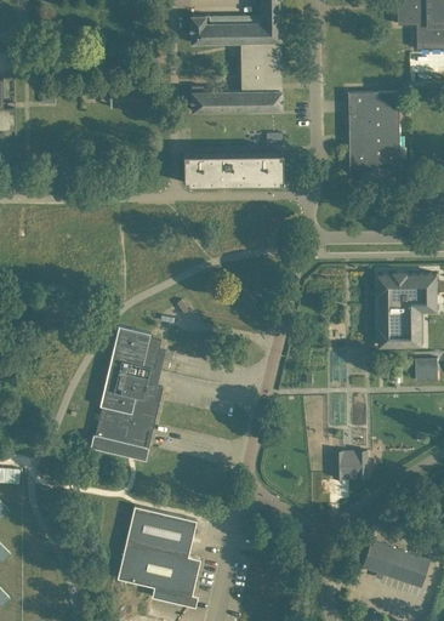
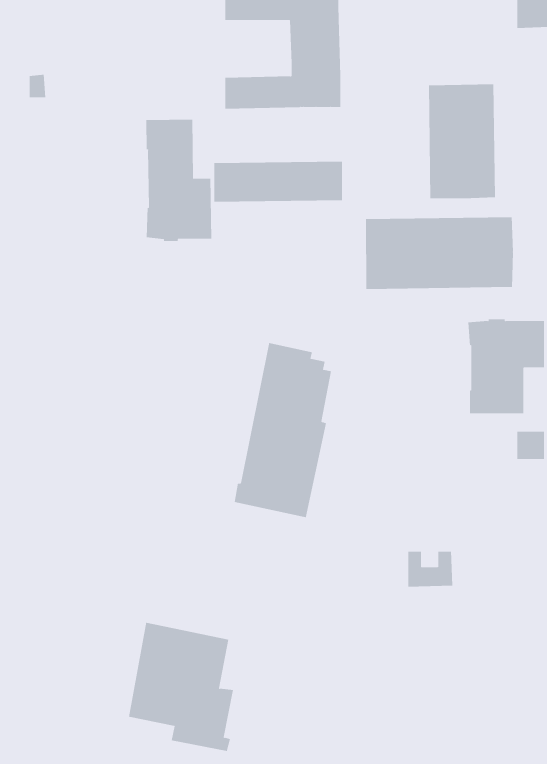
building: none -> [146,119,212,242]
building: none -> [366,217,513,290]
building: [90,325,165,460] -> [234,343,332,518]
building: [363,541,429,588] -> none

